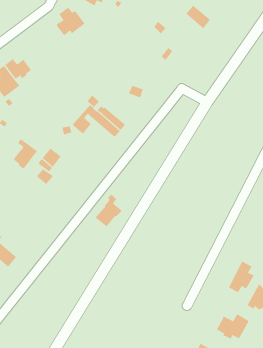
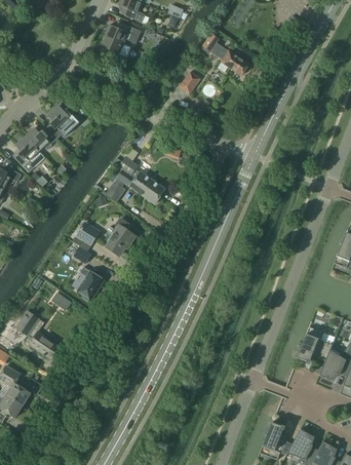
building: [56,7,85,36] -> [46,106,79,139]
building: [13,138,38,169] -> [77,267,104,301]
building: [95,194,122,227] -> [106,219,135,256]
building: [216,313,249,340] -> none

